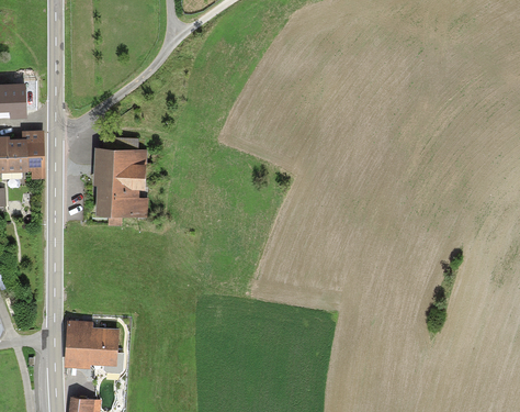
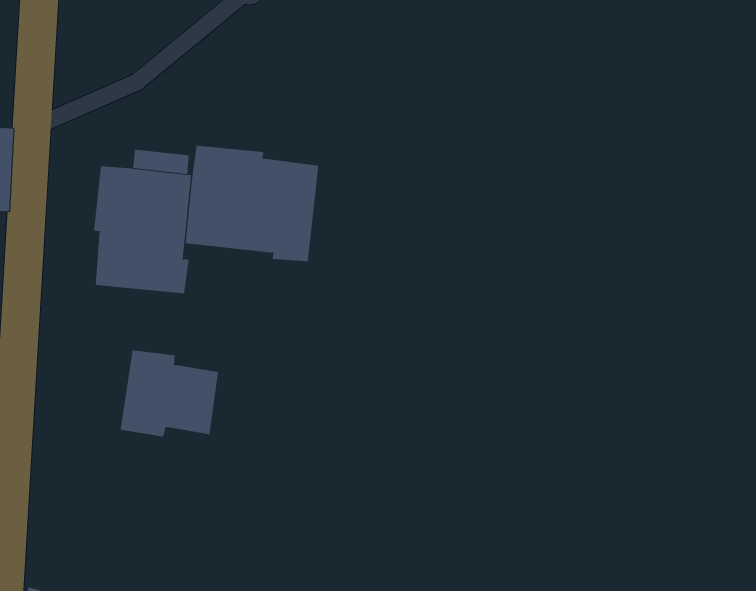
building: none -> [185,145,319,262]
building: [64,318,117,366] -> [120,350,219,437]

